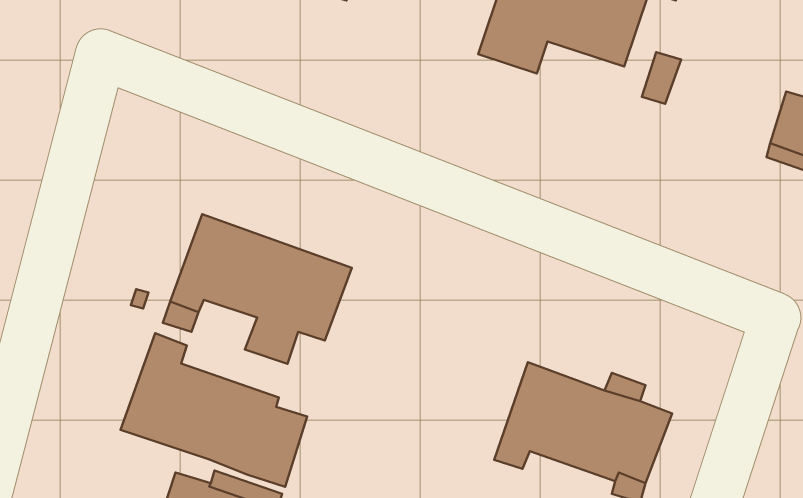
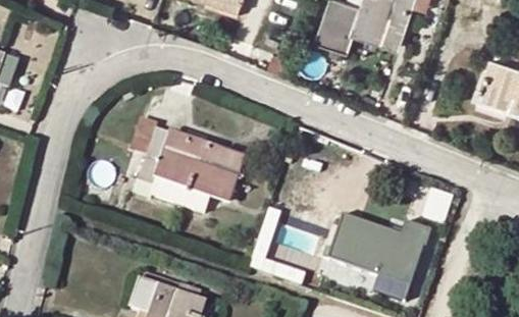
building: [121,333,307,487] -> none

